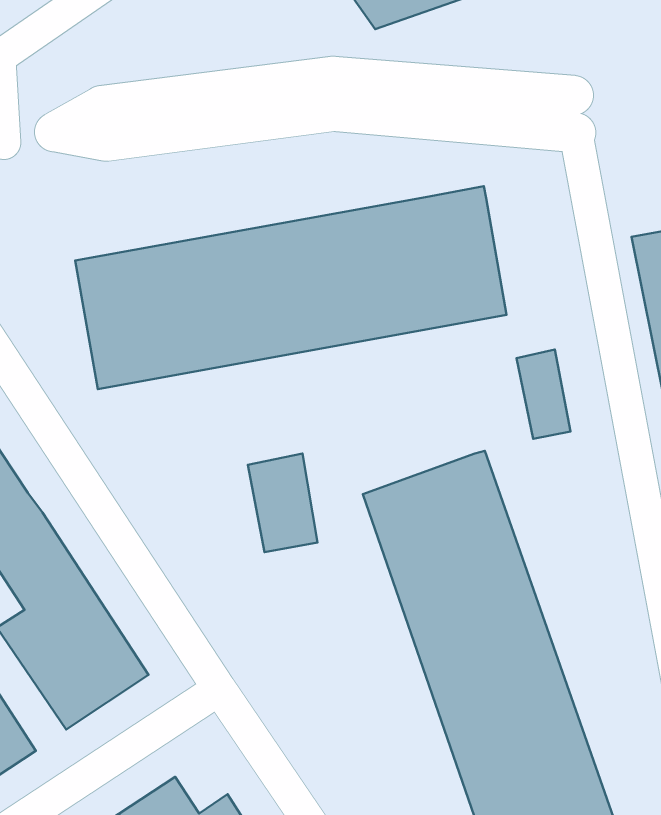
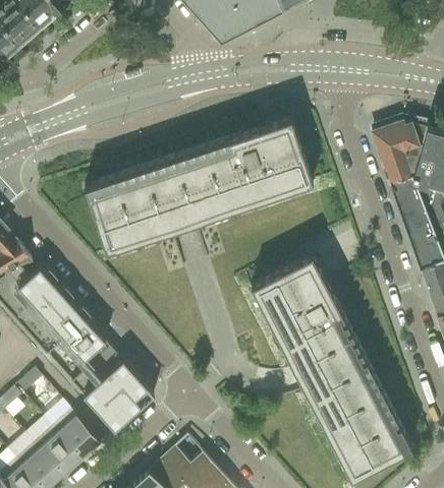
building: [517,349,570,439] -> none
building: [248,454,318,552] -> none

